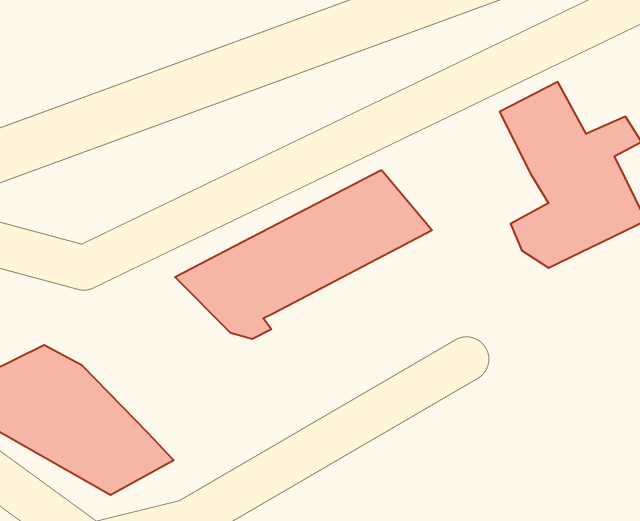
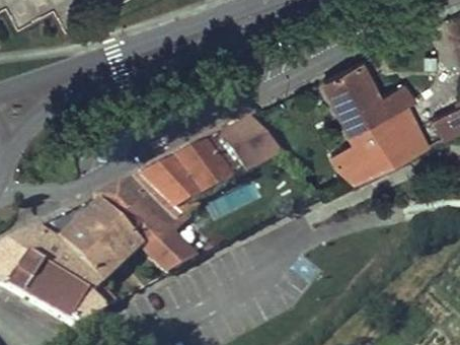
building: none -> [57,184,221,284]

